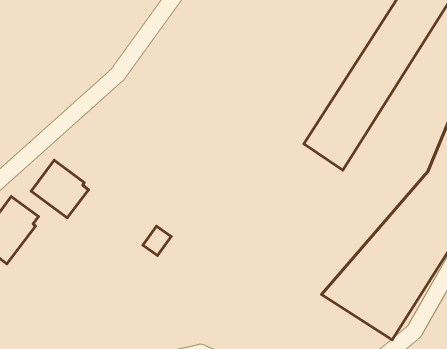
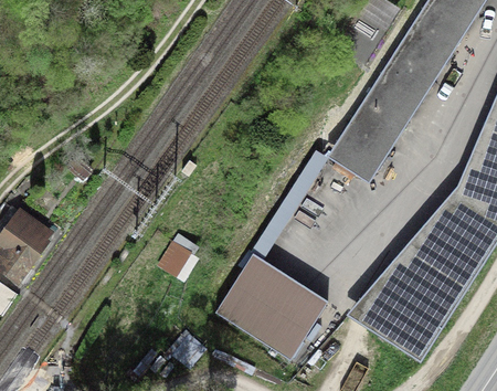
building: [31,160,88,218] -> none
building: none -> [216,254,330,361]

